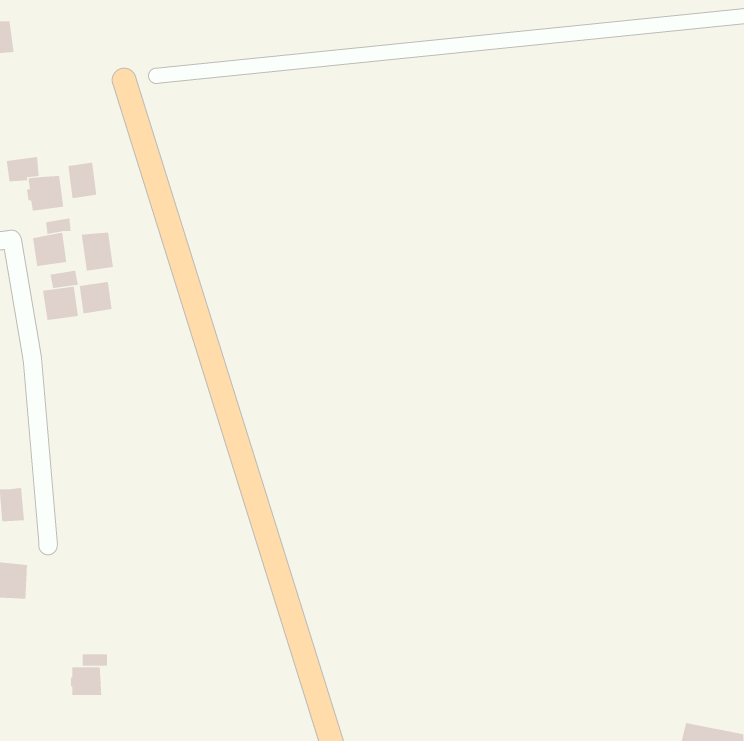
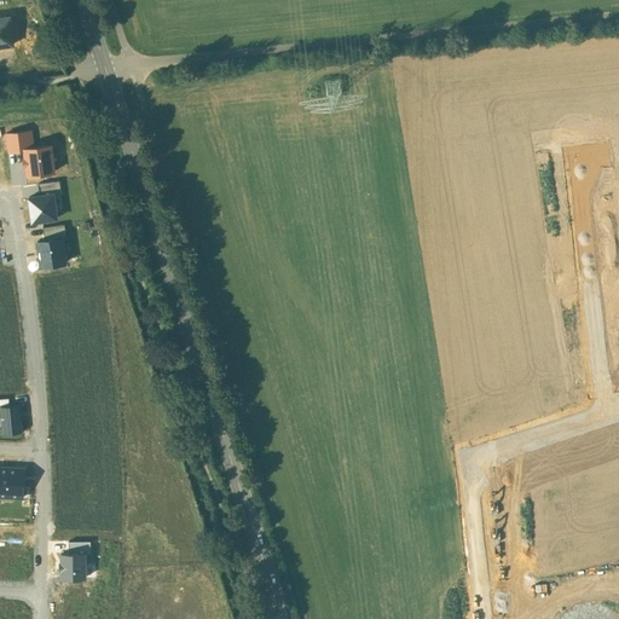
building: [67,162,97,199] -> none
building: [81,232,114,272] -> none
building: [79,281,113,314] -> none

